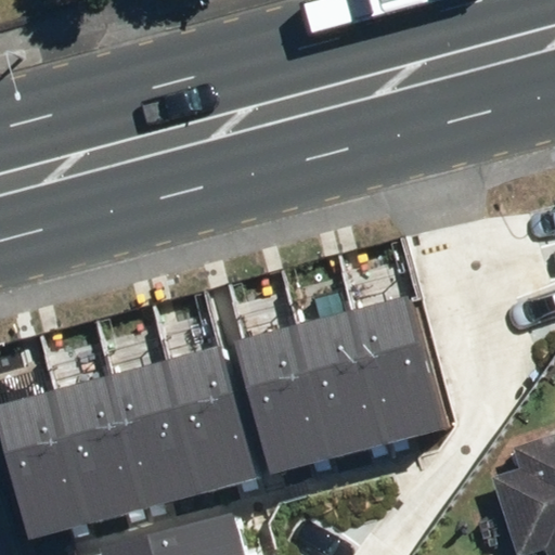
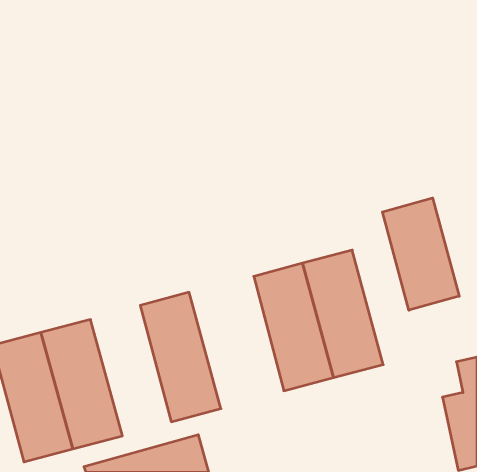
building: none -> [382,198,459,310]
building: [236,326,328,474] -> none
building: [105,360,198,511] -> none

